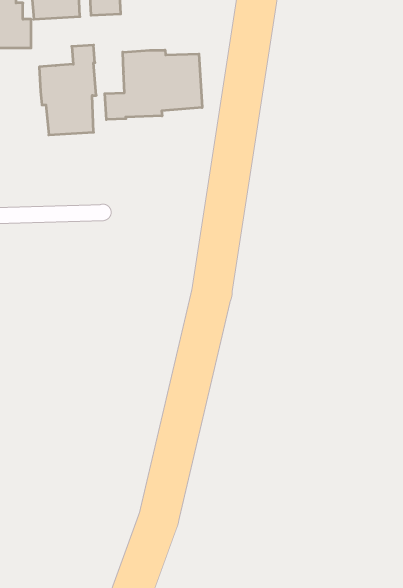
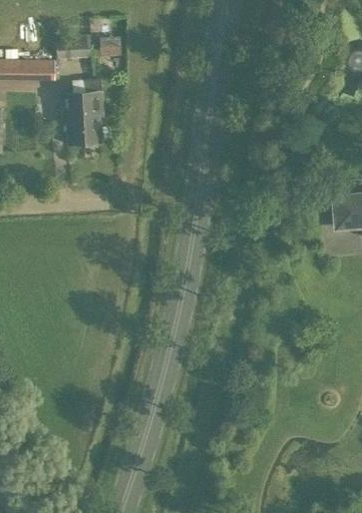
building: [105,50,202,120] -> none

